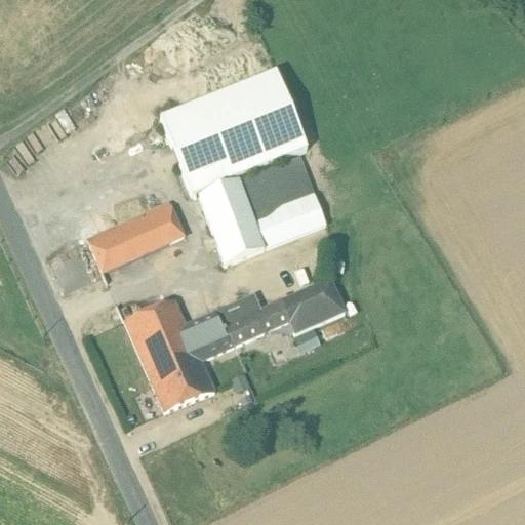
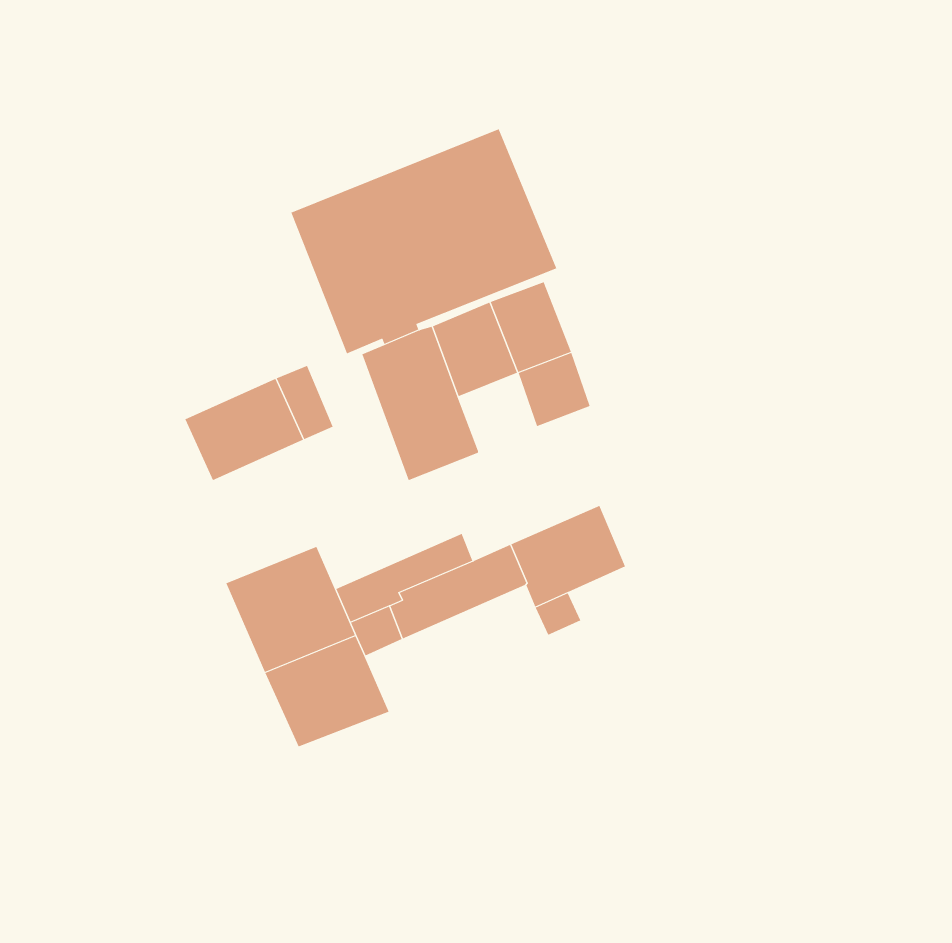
building: [252,205,295,248] -> none
building: [86,231,117,272] -> none

